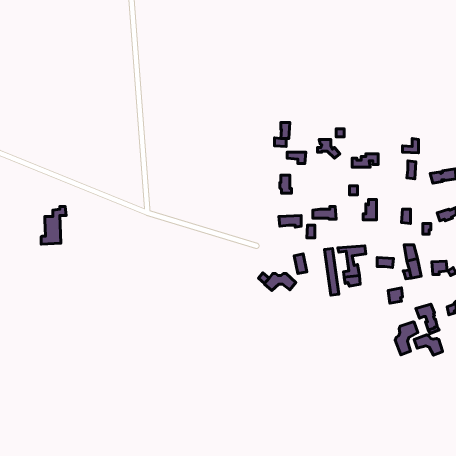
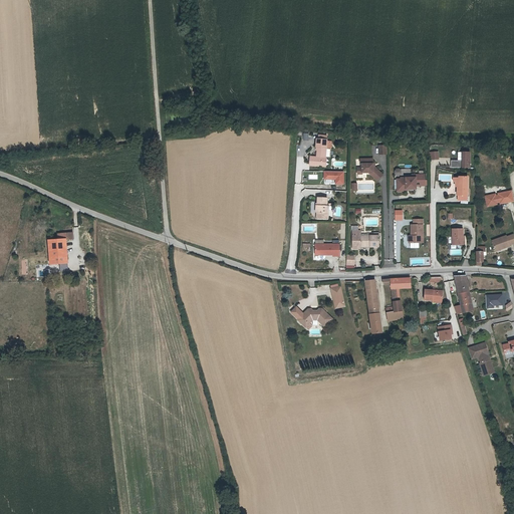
building: [395,322,418,355] -> none
building: [414,335,443,355] -> none

